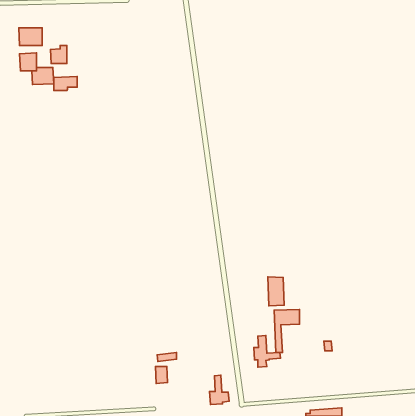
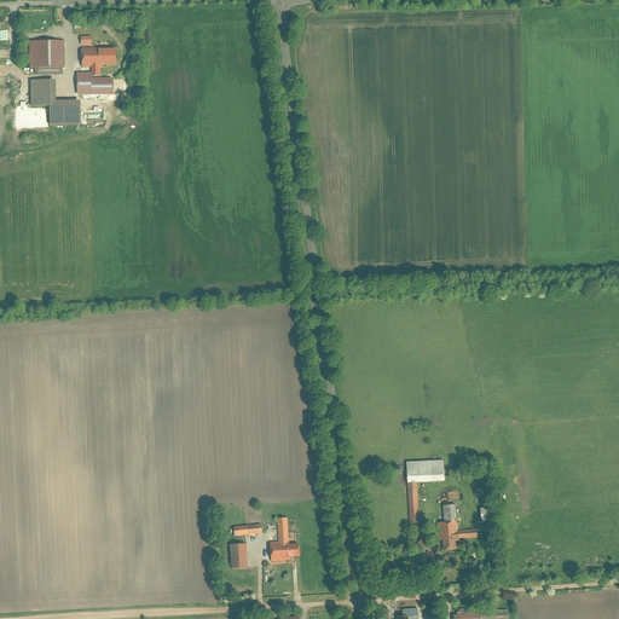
building: [54,77,77,90] -> [80,47,115,68]
building: [268,277,284,306] -> none
building: [254,335,281,367] -> [438,504,478,551]
building: [210,375,229,404] -> [271,517,300,561]

